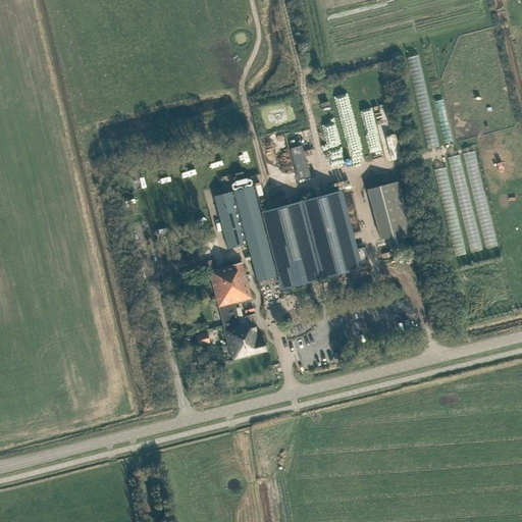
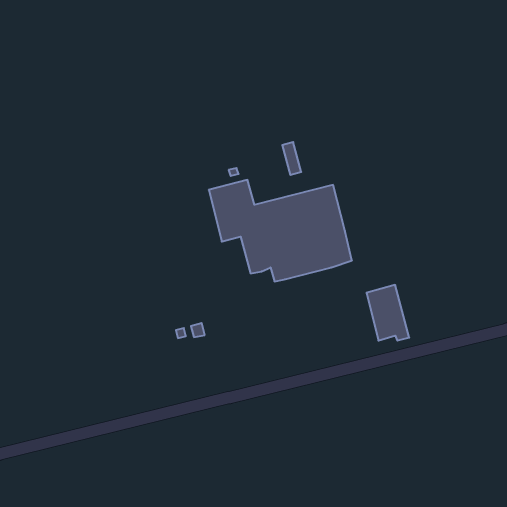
building: [367,181,411,239] -> [366,285,409,341]
building: [209,262,266,360] -> none

